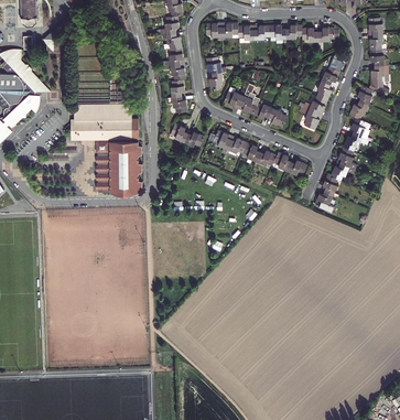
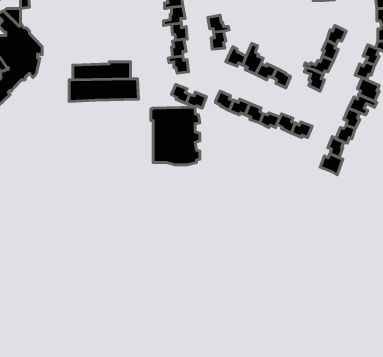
building: [95,138,142,194] -> [151,107,200,165]

